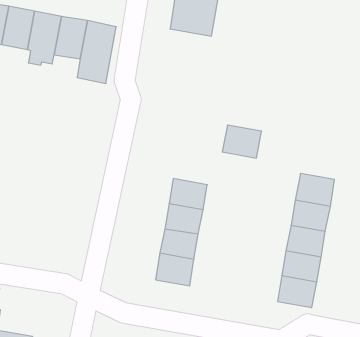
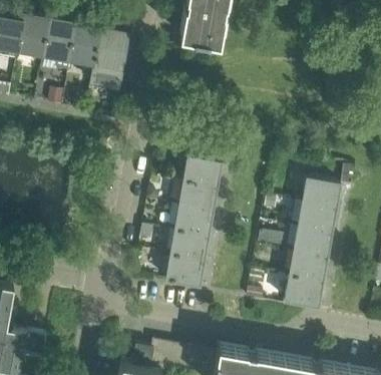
building: [222,125,262,158] -> [183,157,222,190]

